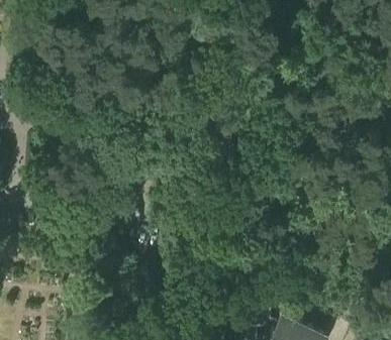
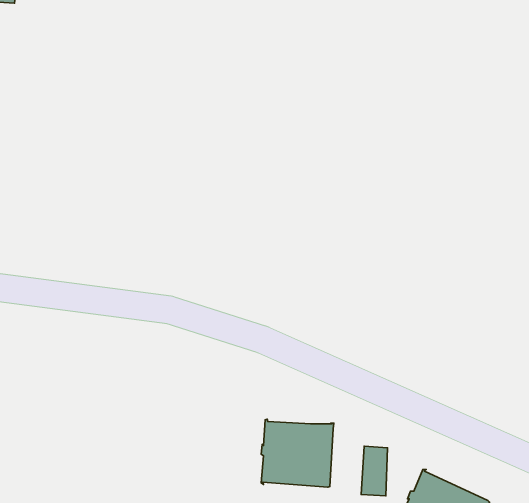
building: none -> [261,419,334,487]

